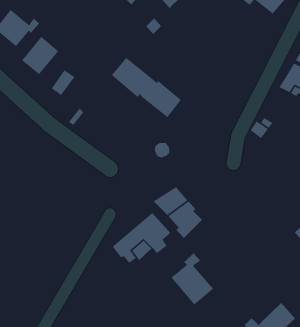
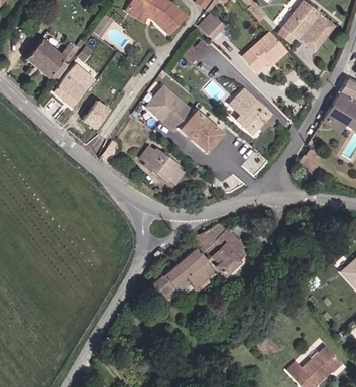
building: none -> [245,32,288,72]
building: none -> [230,90,269,129]
building: none -> [139,145,183,182]
building: [170,252,214,305] -> none

